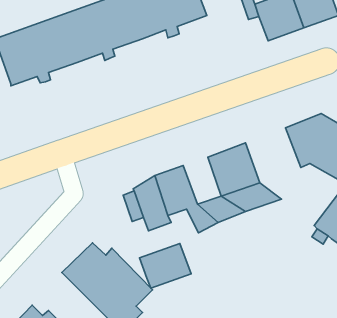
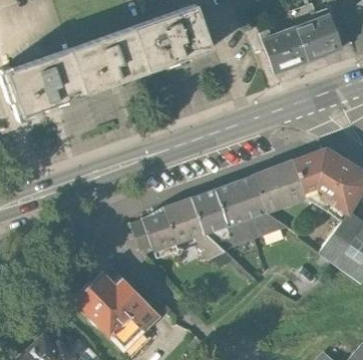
building: none -> [252,157,306,212]
building: none -> [191,187,228,233]
building: [140,243,191,288] -> none

